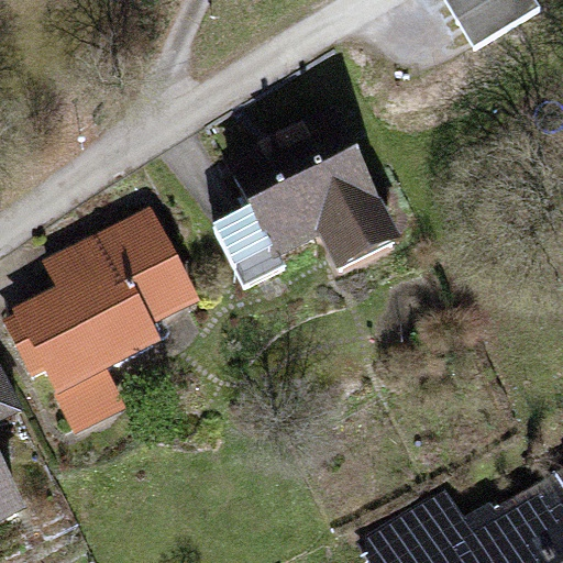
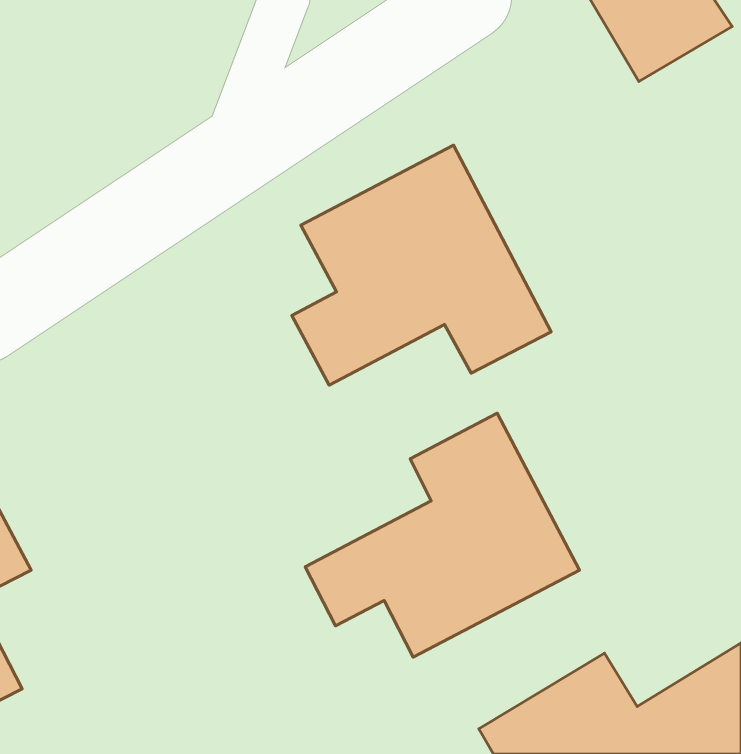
building: [9,209,195,399] -> none
building: none -> [305,413,579,657]

